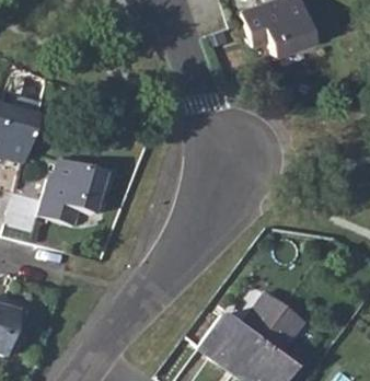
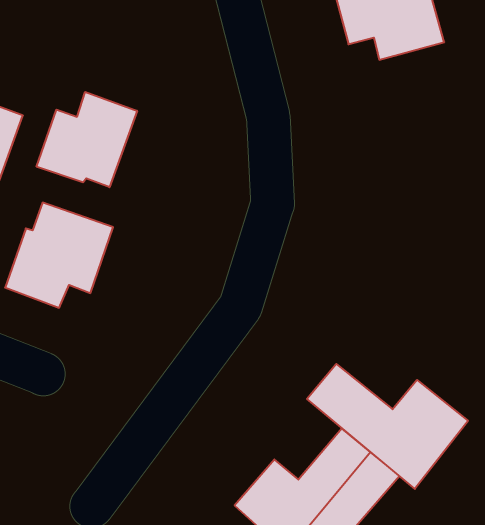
building: none -> [37,92,137,187]
building: none -> [307,364,468,489]

